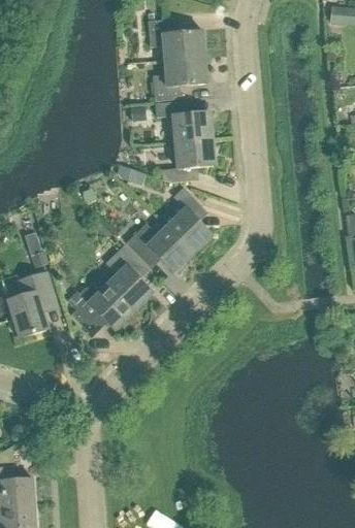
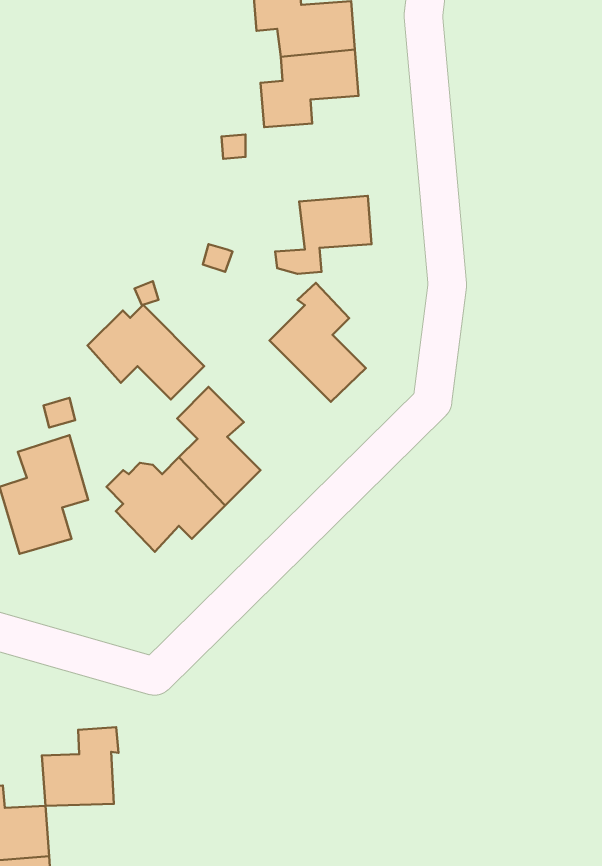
building: [155,101,213,141] -> none
building: [127,219,192,271] -> [87,305,204,399]
building: none -> [42,727,118,806]

